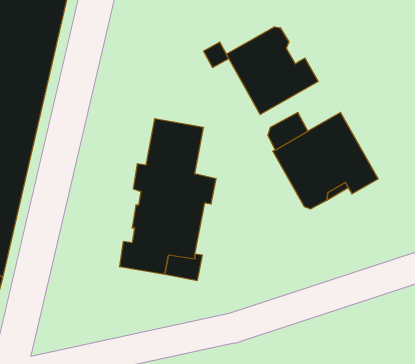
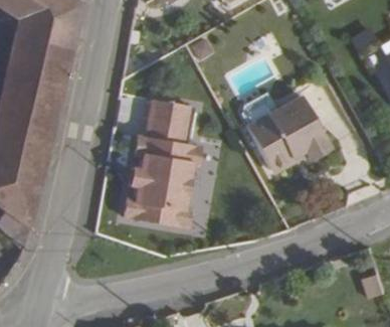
building: [226,27,318,114] -> none

